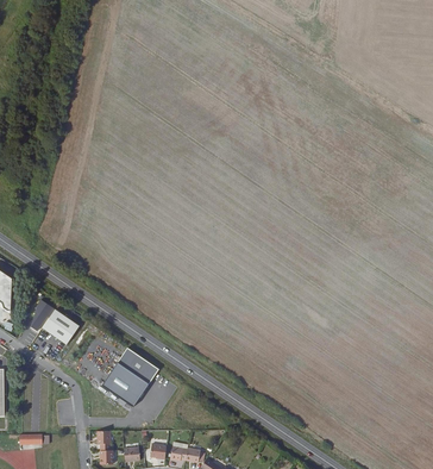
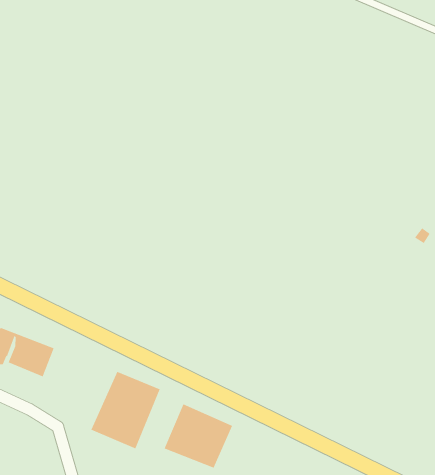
building: none -> [164,404,233,469]

